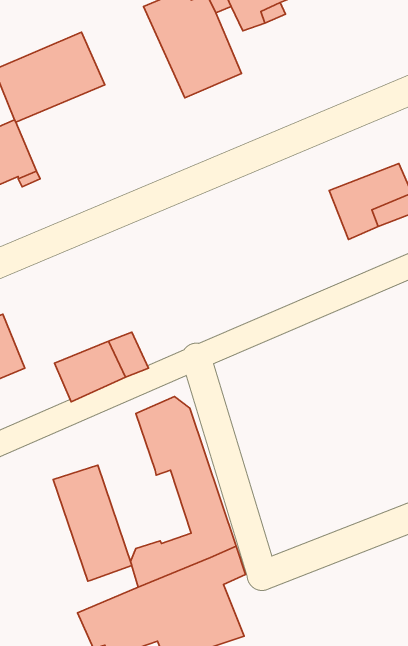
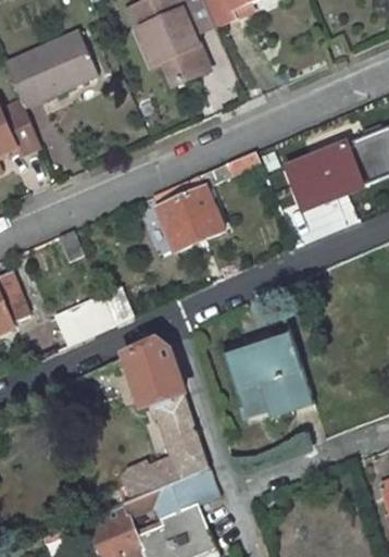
building: none -> [153,151,261,251]
building: none -> [225,332,311,410]
building: [53,465,132,581] -> none

